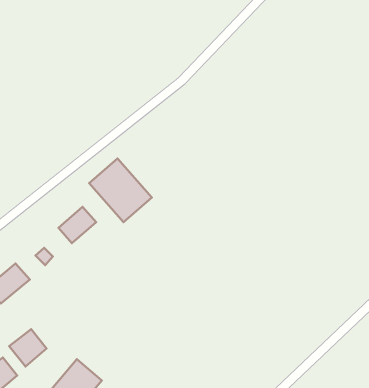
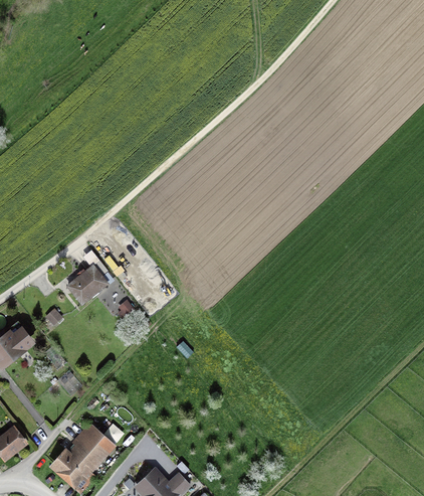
building: [89,159,152,222] -> none
building: [9,329,47,367] -> none

